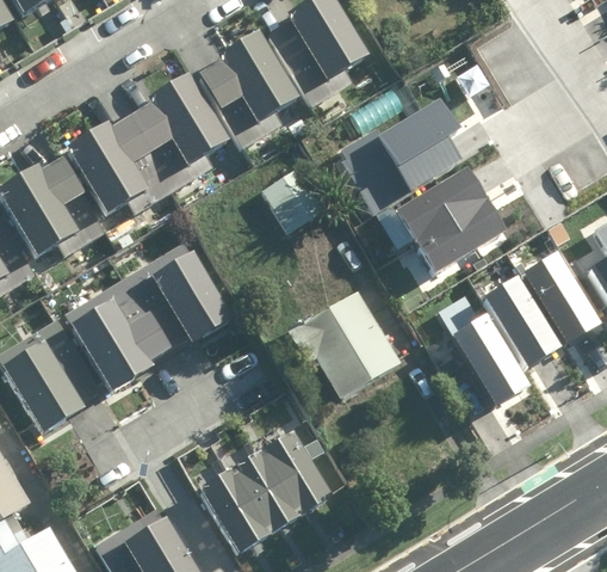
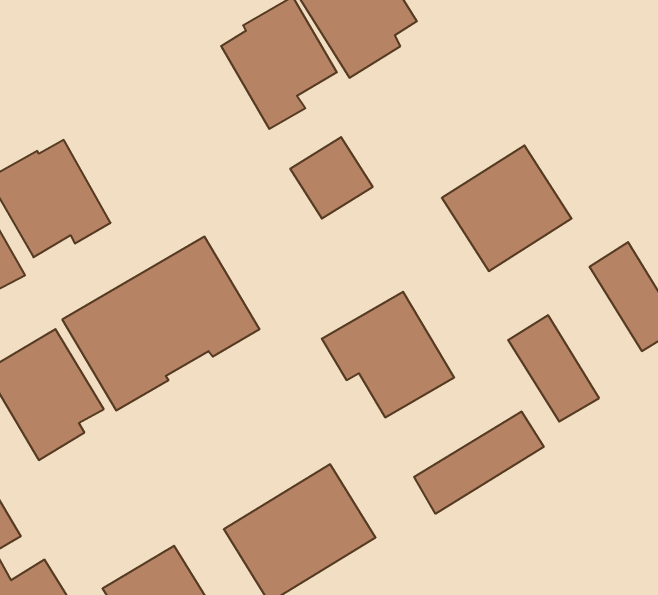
building: [68,75,231,214] -> none
building: [334,96,457,205] -> none
building: [479,270,558,363] -> none
building: none -> [414,411,544,514]

